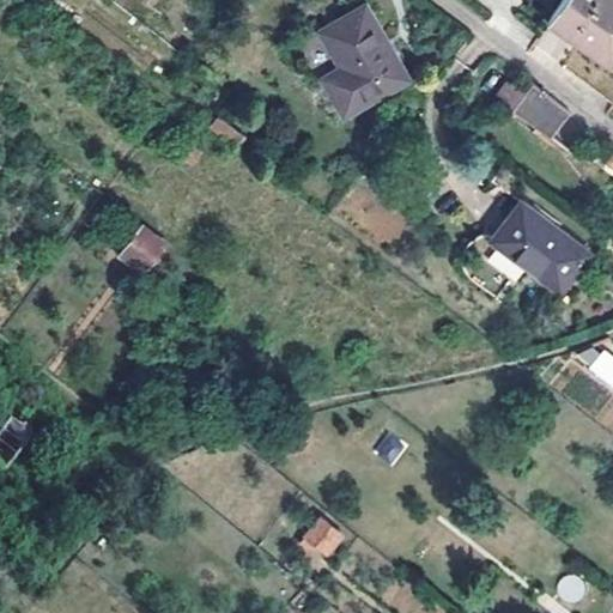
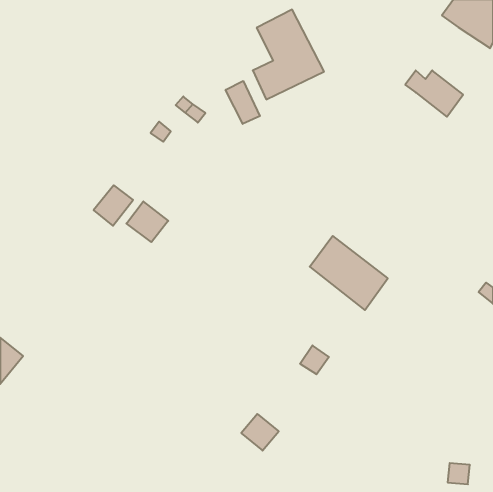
building: none -> [226,81,260,124]
building: [493,200,590,292] -> [310,236,388,310]
building: none -> [126,201,168,242]

